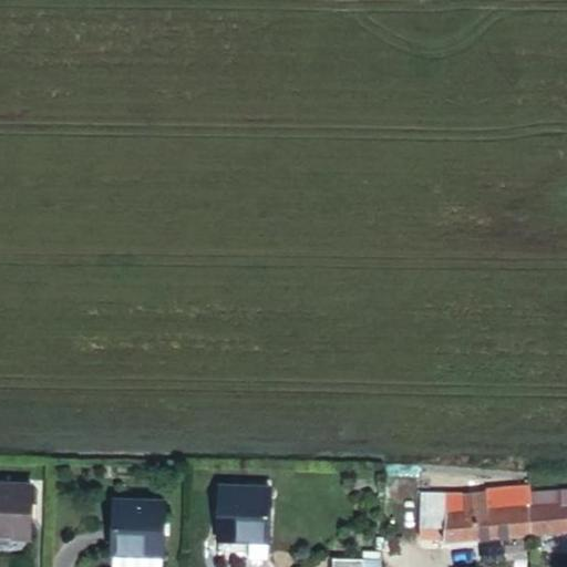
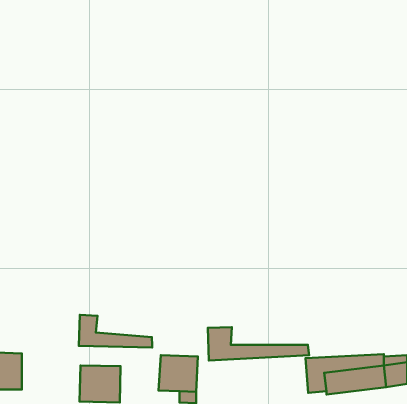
building: none -> [79,315,152,347]
building: none -> [208,327,309,360]

